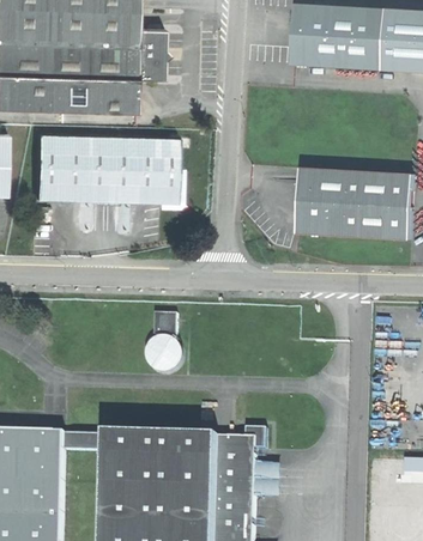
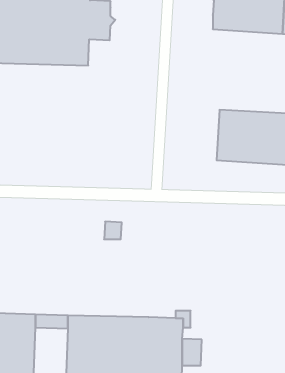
building: [34,135,175,202] -> none

